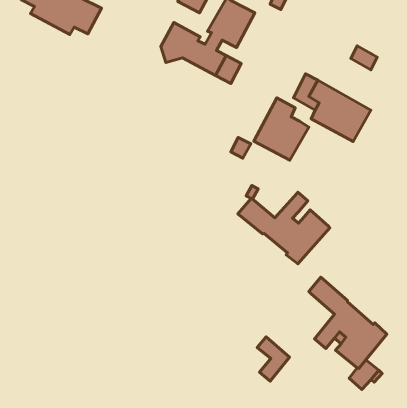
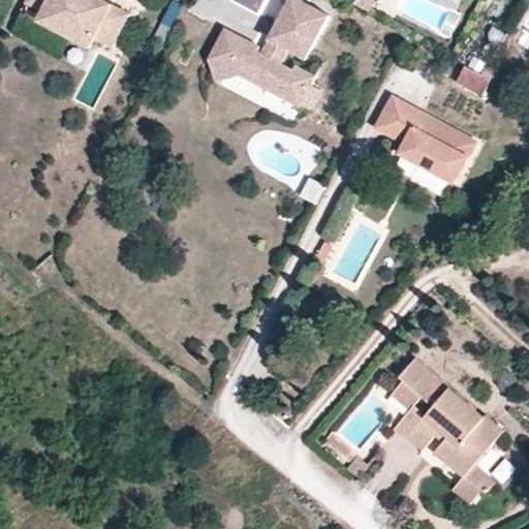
building: [254,98,309,160] -> none
building: [238,192,330,264] -> none
building: [257,337,289,381] -> [388,378,430,435]

